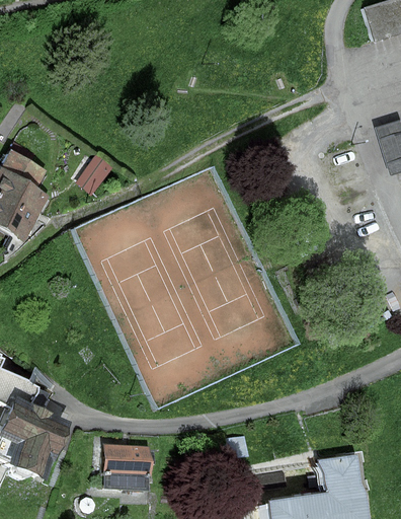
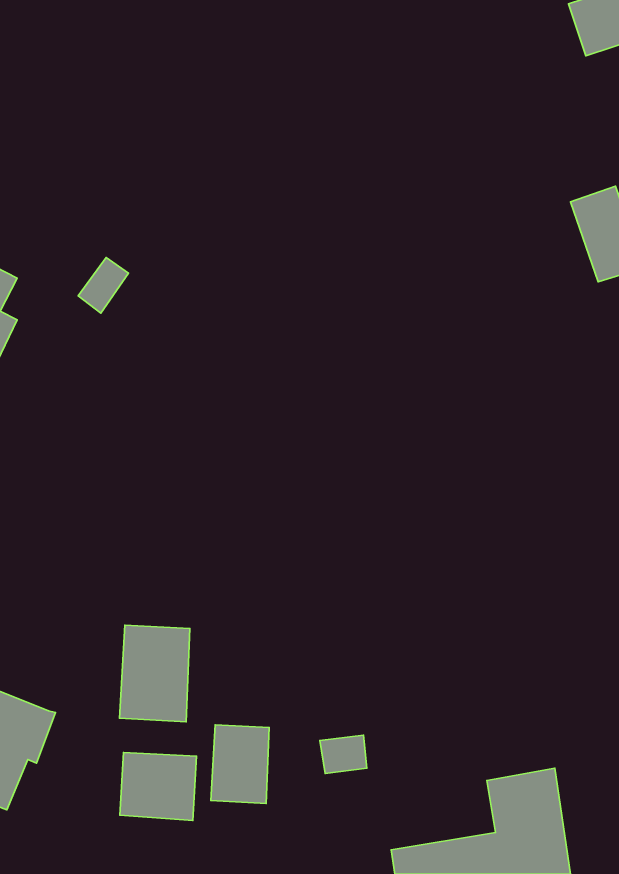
building: none -> [119,625,190,722]
building: none -> [211,725,269,803]

